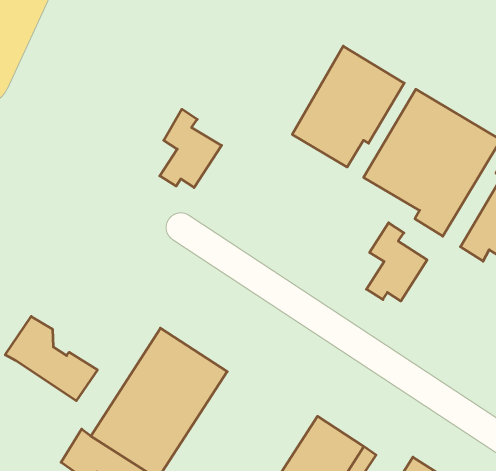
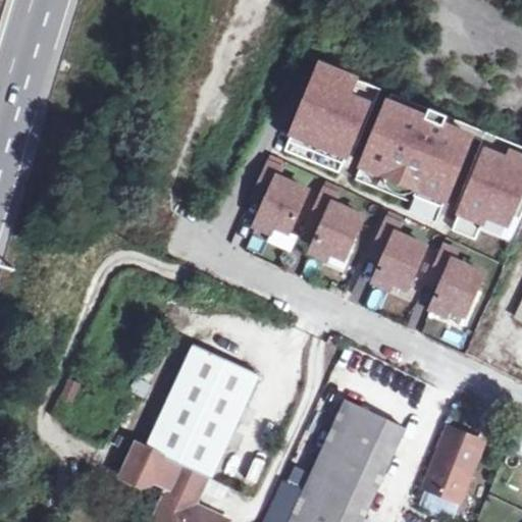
building: [160,109,222,188] -> [254,162,307,232]
building: none -> [308,190,362,259]
building: none -> [429,247,482,316]
building: [5,316,97,401] -> none

